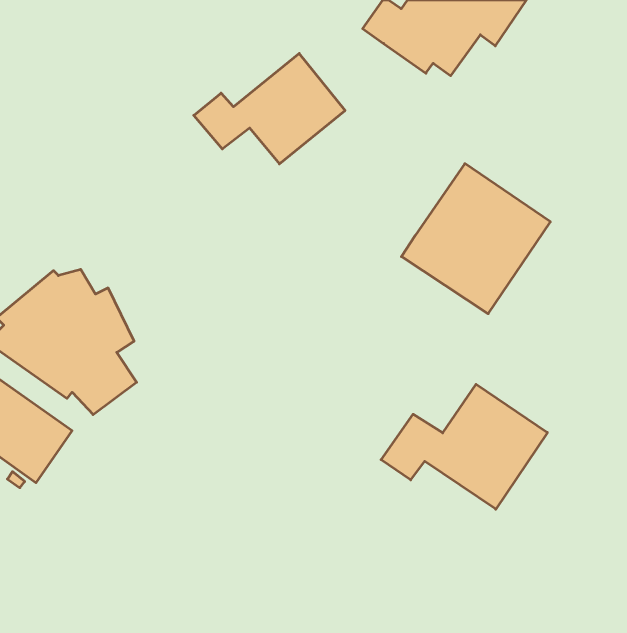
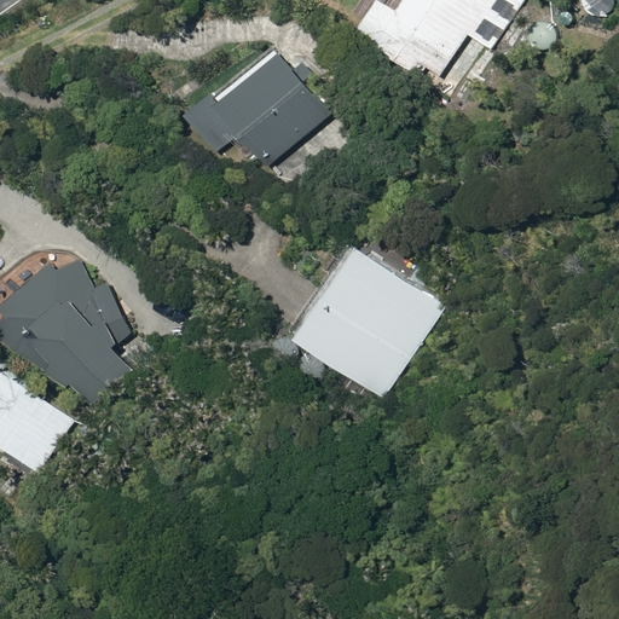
building: [401,164,550,314] -> [289,244,434,391]
building: [381,384,547,509] -> none

